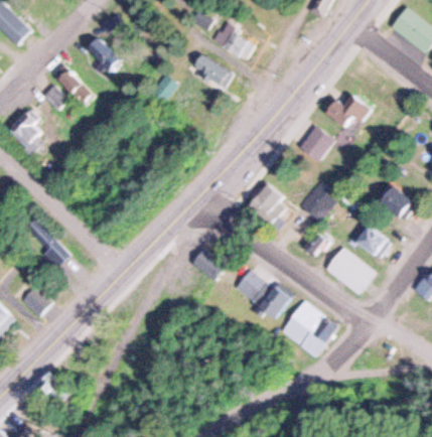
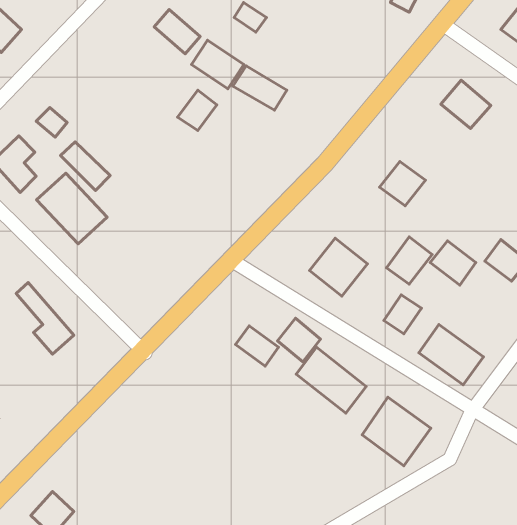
building: [213,23,253,59] -> [191,40,244,89]
building: [87,40,121,74] -> [154,9,200,54]
building: [53,69,91,106] -> [60,142,110,190]
building: [325,94,363,130] -> [441,80,491,129]
building: none -> [36,173,107,244]
building: [355,224,390,257] -> [430,241,476,285]
building: none -> [278,318,321,362]
building: [21,285,52,315] -> none

